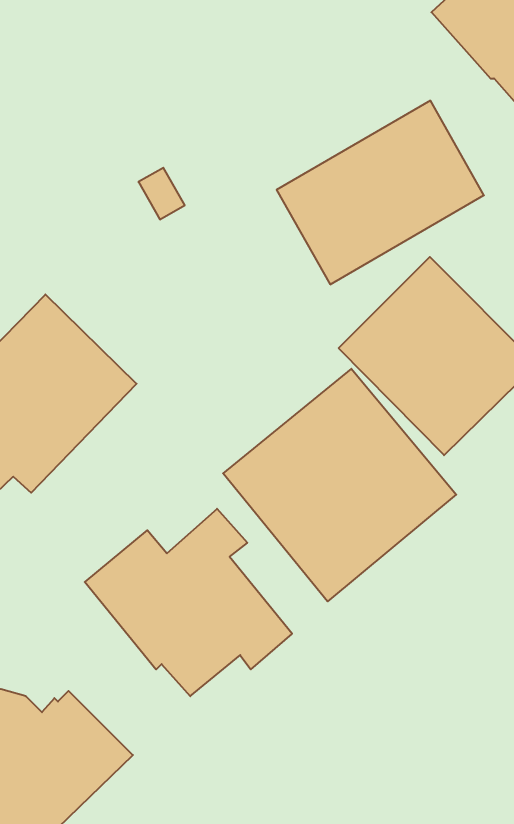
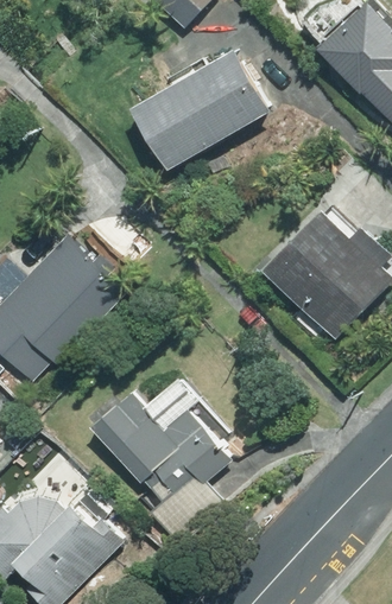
building: [277,101,484,284] -> [132,49,270,171]
building: [223,369,456,601] -> none

